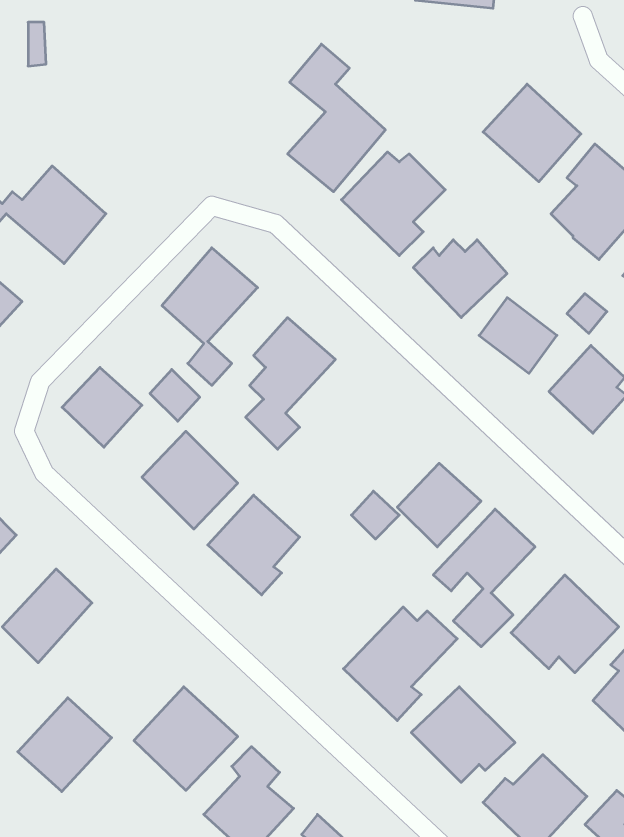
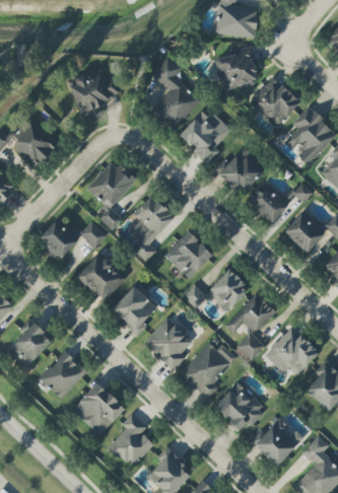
building: none -> [214,46,258,88]
building: none -> [69,67,121,115]
building: none -> [164,230,211,279]
building: none -> [144,316,193,370]
building: [18,698,112,792] -> [39,351,86,399]

